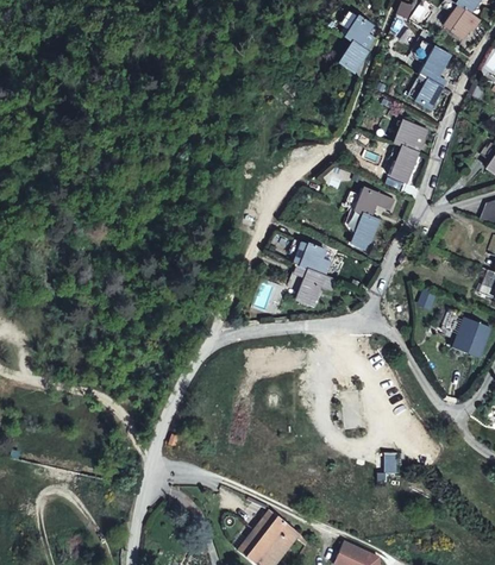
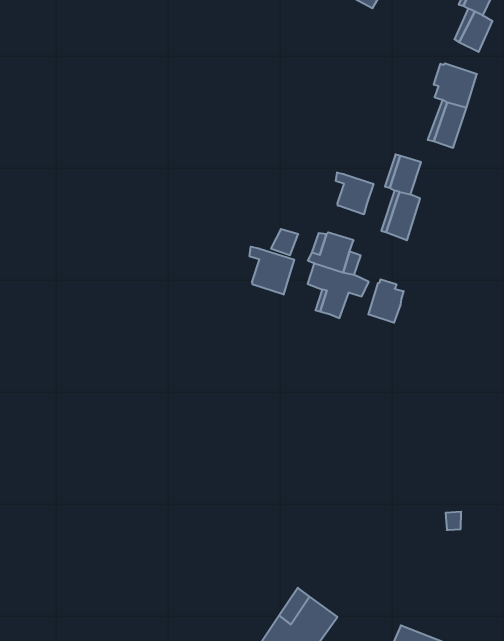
building: none -> [336,172,373,214]
building: none -> [250,247,294,295]
building: none -> [368,279,404,323]

